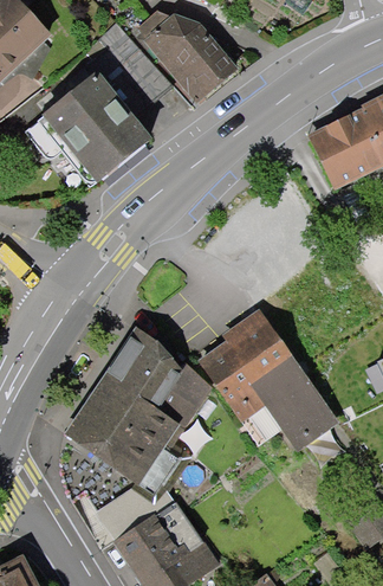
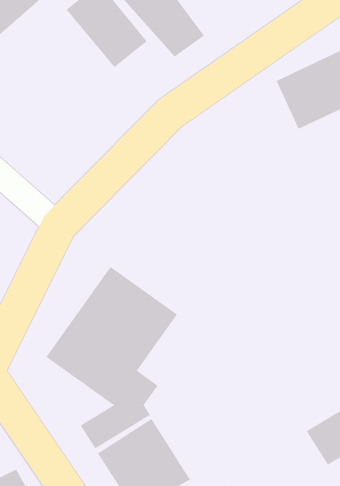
building: [26,65,148,194] -> none
building: [199,302,343,452] -> none

